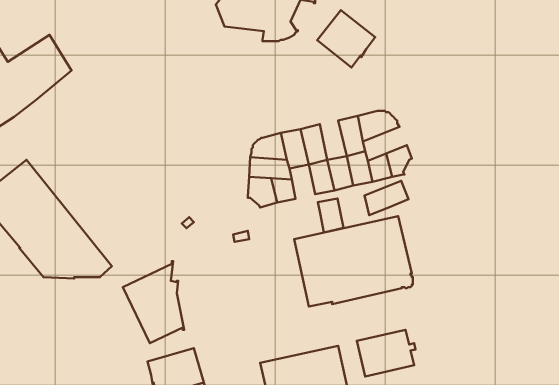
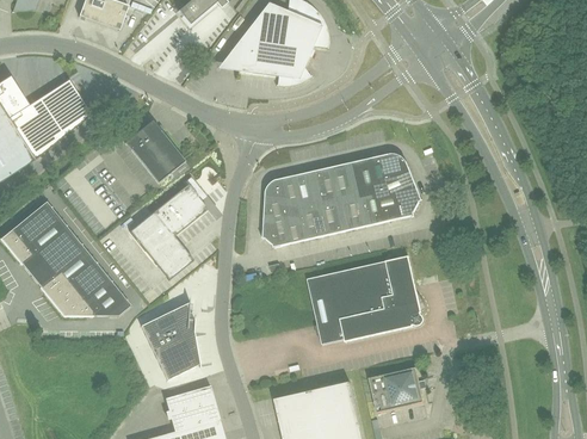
building: [317,10,375,67] -> none
building: none -> [123,119,184,183]
building: none -> [332,162,358,200]
building: none -> [129,175,206,279]
building: [364,181,408,215] -> [373,168,416,202]
building: [318,198,344,233] -> [302,205,327,239]

